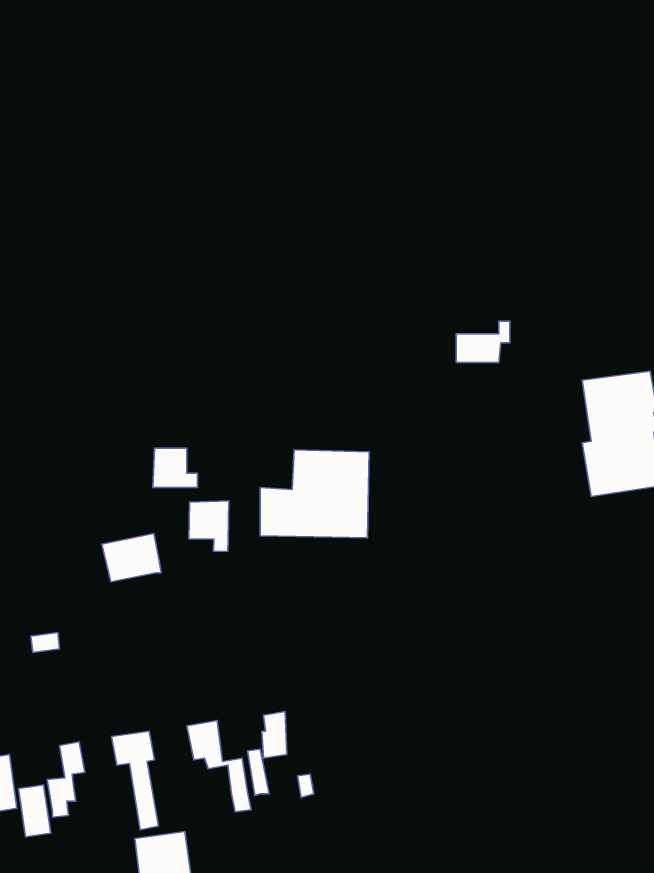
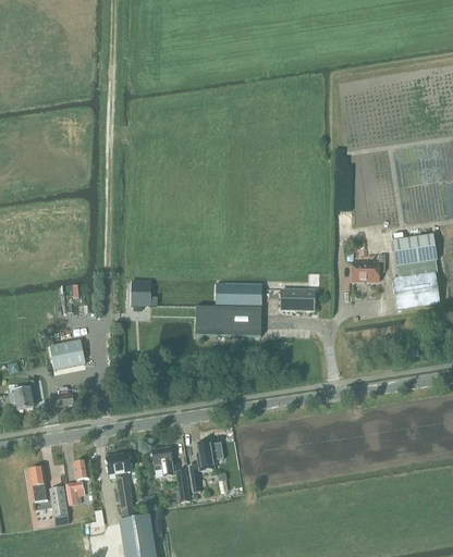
building: [456,321,510,362] -> [353,255,385,280]
building: none -> [281,288,315,309]
building: [189,501,229,552] -> none
building: [102,534,161,582] -> [49,338,85,368]

